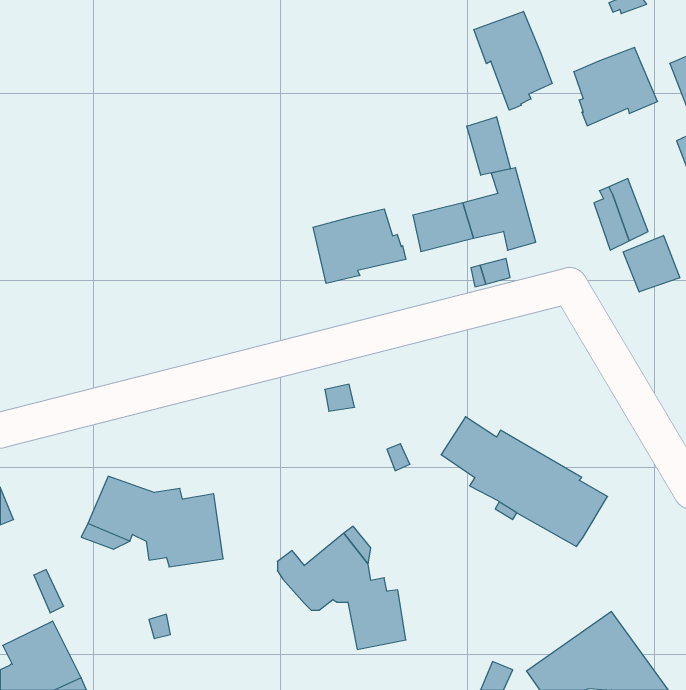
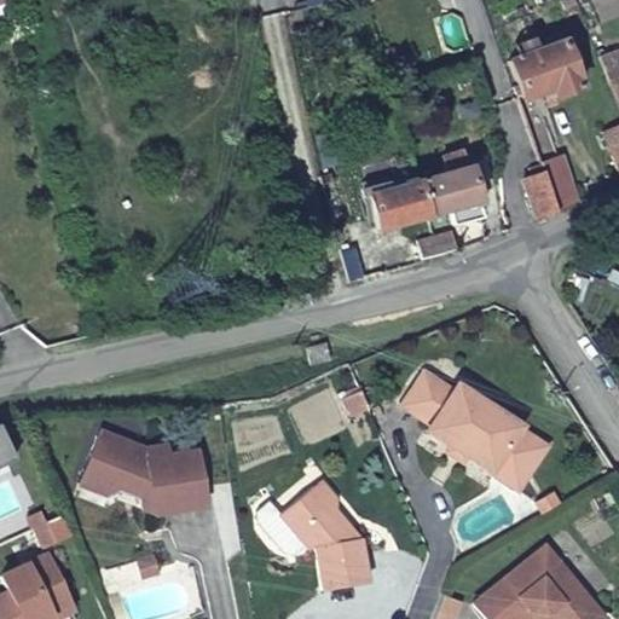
building: [474,11,552,110] -> none
building: [467,117,511,175] -> none
building: [313,209,406,283] -> none
building: [623,235,680,292] -> none

